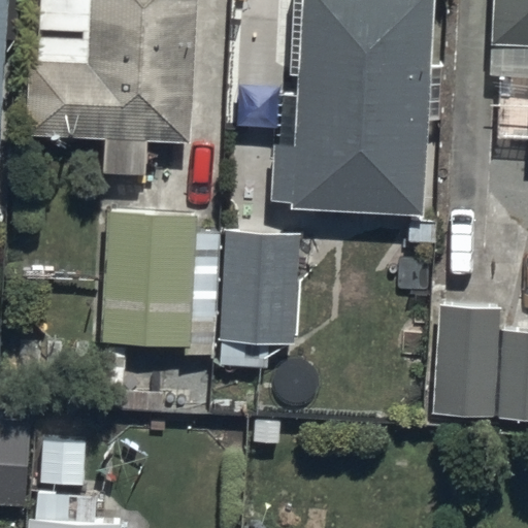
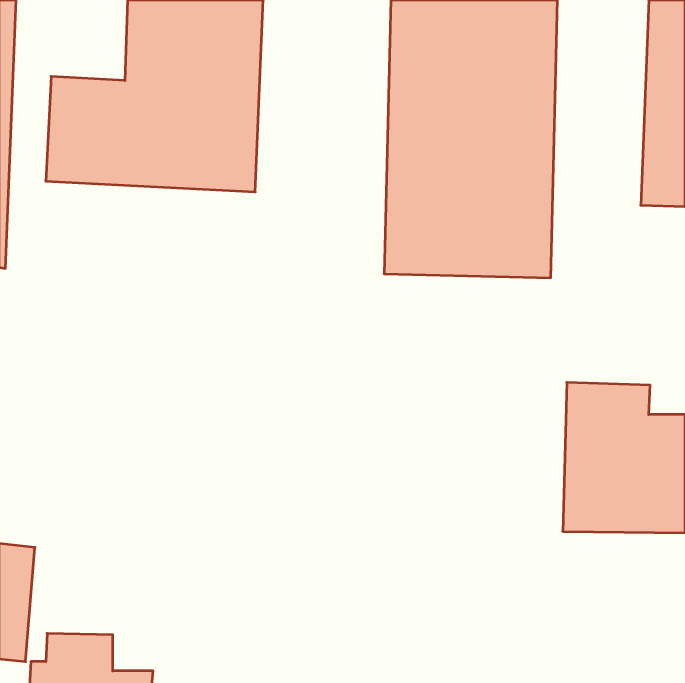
building: [102,205,218,350] -> none
building: [218,225,311,407] -> none

